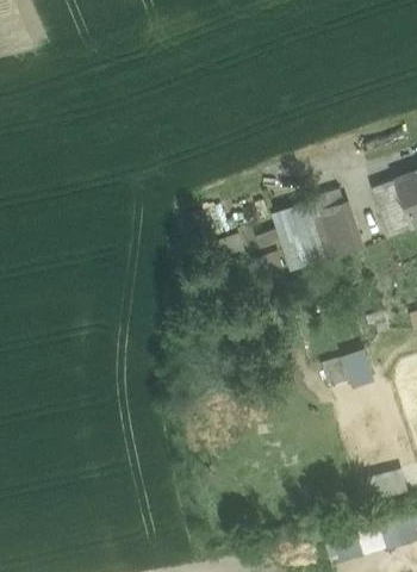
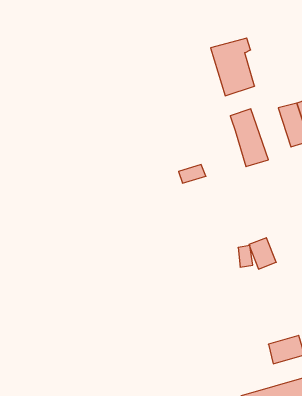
building: [274,200,328,271] -> [211,38,255,96]

